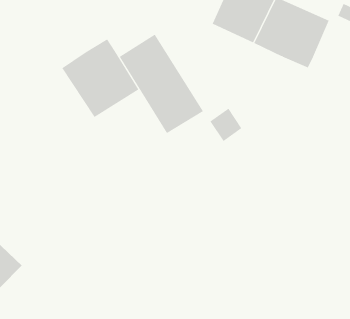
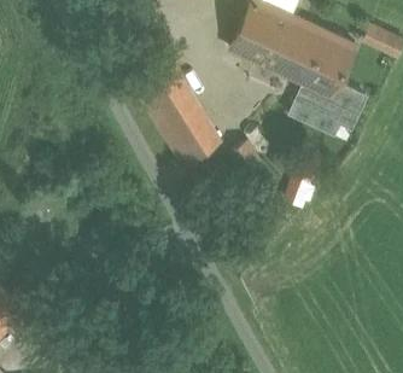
building: [62,39,139,118] -> none
building: none -> [291,86,367,135]

